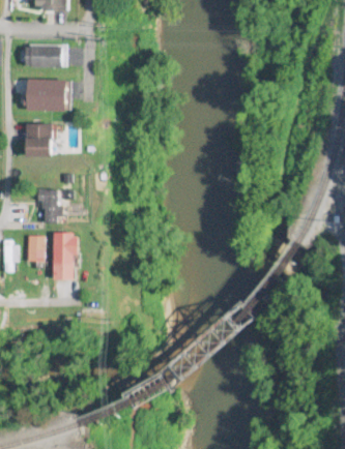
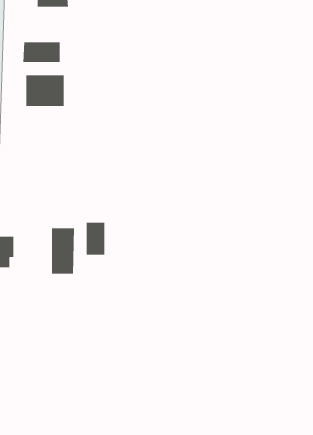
building: [26,124,52,156] -> none
building: [40,190,60,223] -> [86,222,105,255]
building: [25,235,42,264] -> none

